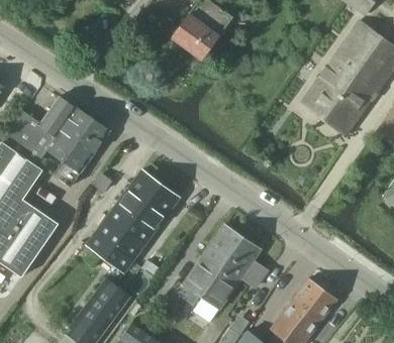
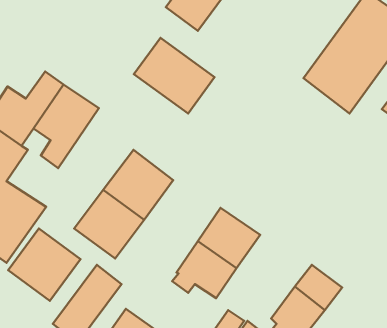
building: none -> [134,38,215,114]
building: none -> [8,228,81,301]

